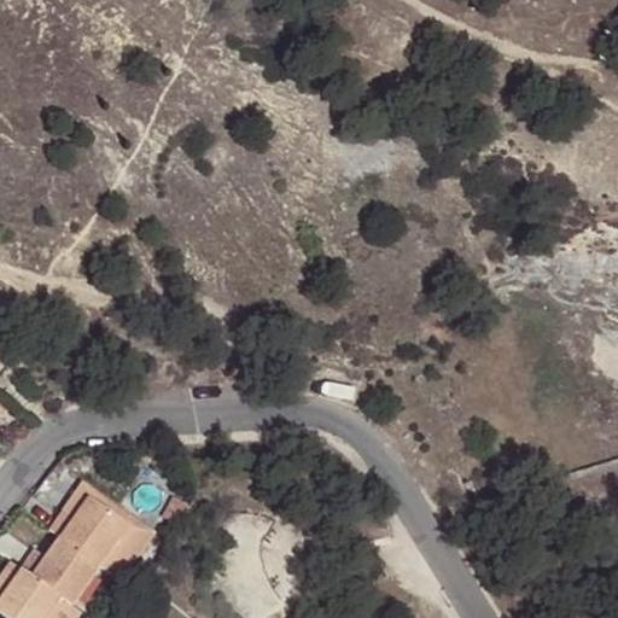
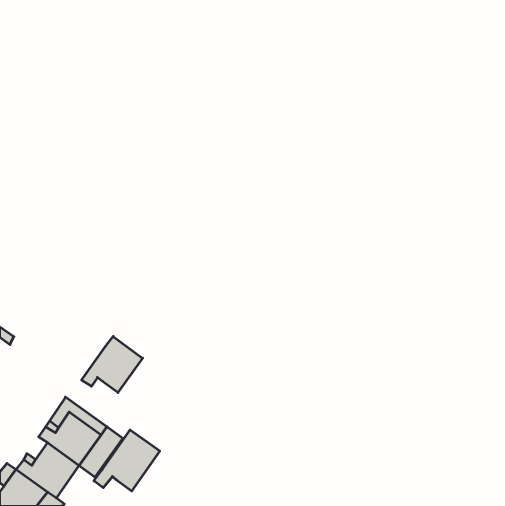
building: none -> [82,336,143,393]
building: none -> [94,430,160,491]

